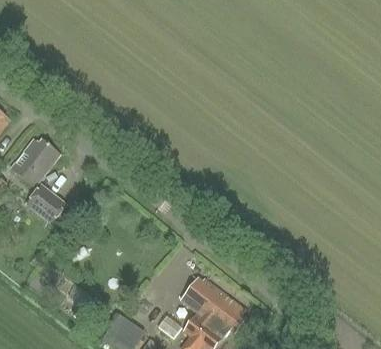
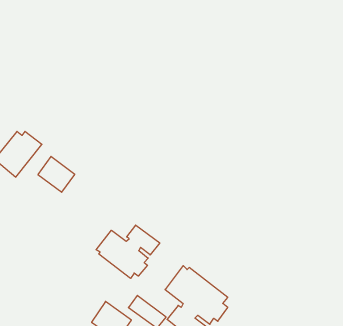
building: [28,186,65,222] -> [38,156,75,192]
building: none -> [96,225,160,278]

